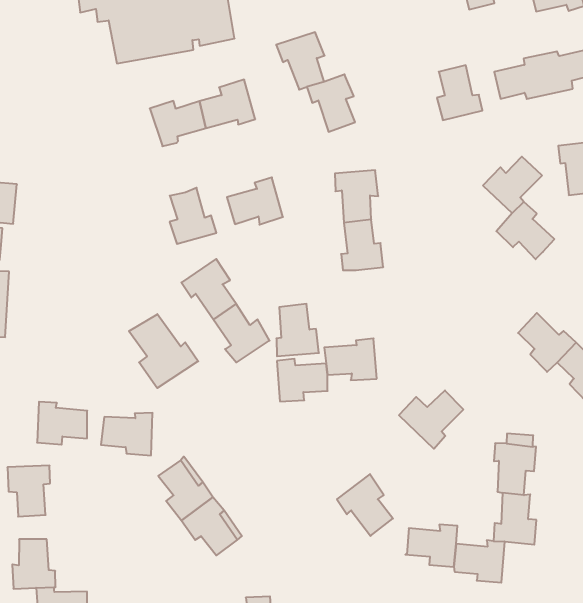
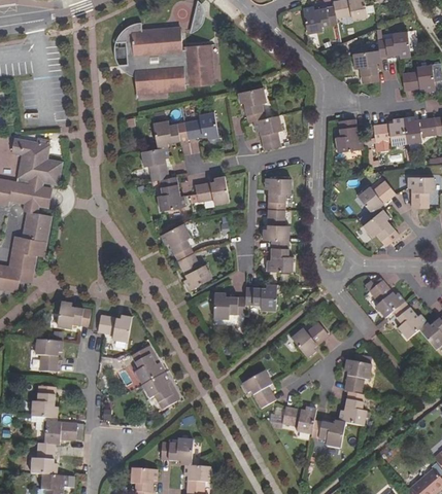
building: none -> [141,146,169,181]
building: [276,304,319,356] -> [266,240,293,272]
building: [129,314,198,388] -> none

